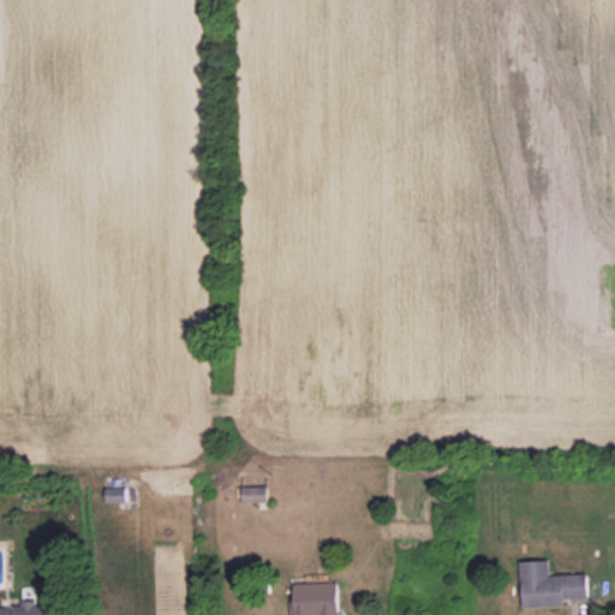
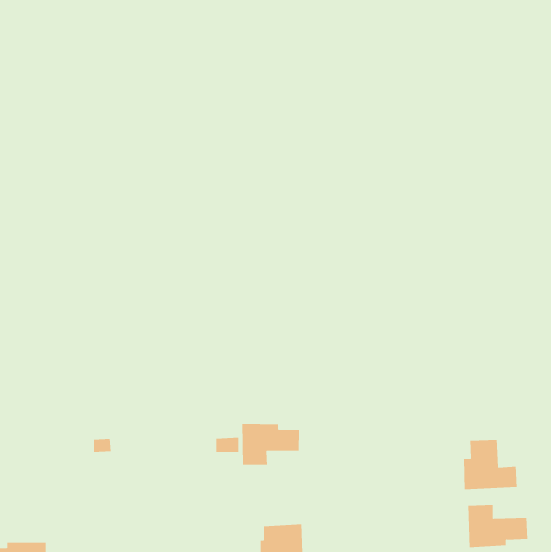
building: none -> [242,423,299,466]
building: none -> [464,439,517,490]

